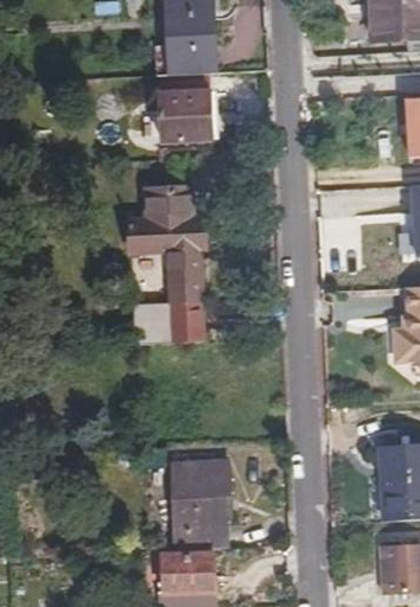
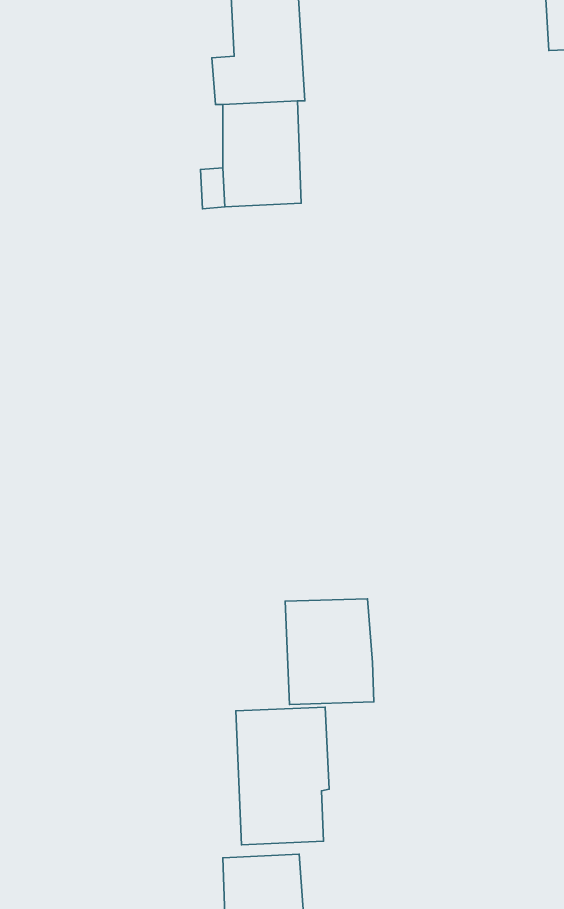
building: [133,189,205,344] -> none
building: none -> [285,599,374,704]

